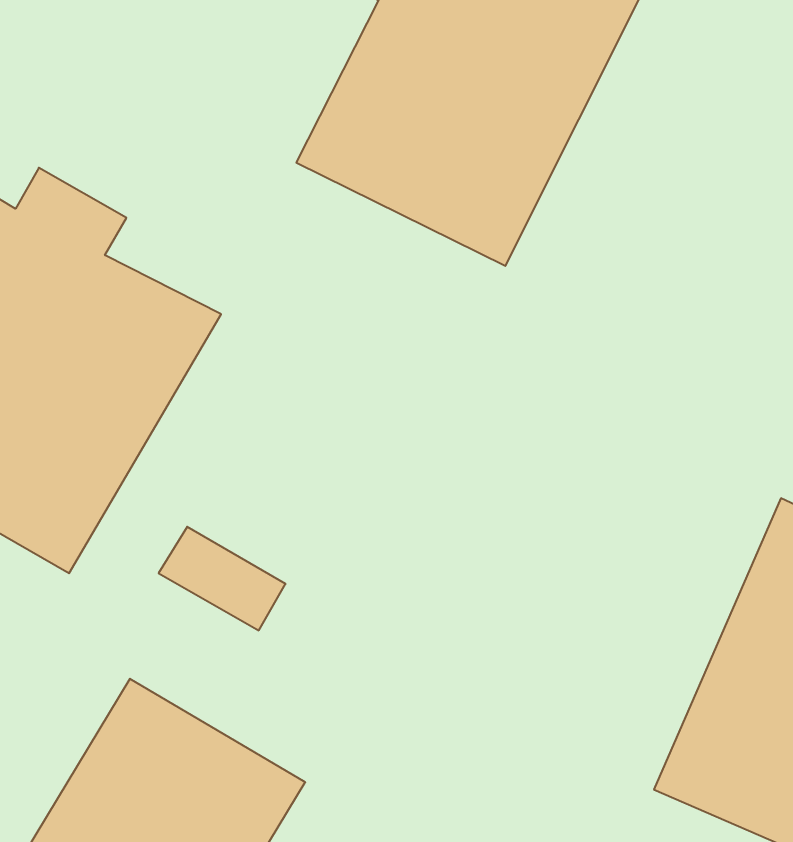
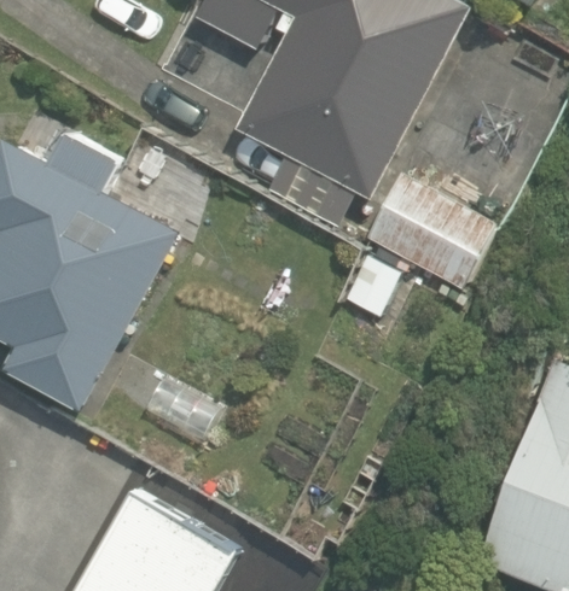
building: none -> [366,165,504,293]

